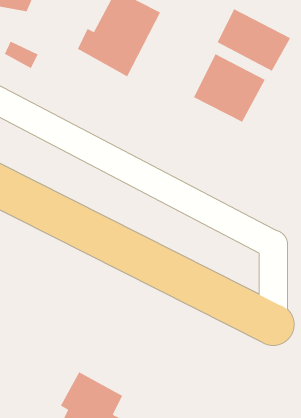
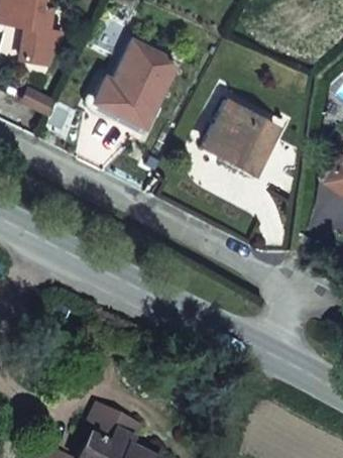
building: [217,8,291,72] -> none

